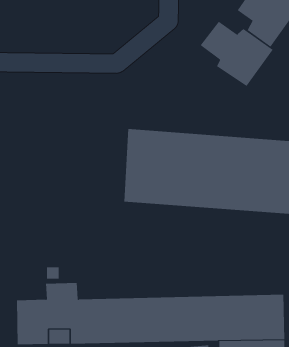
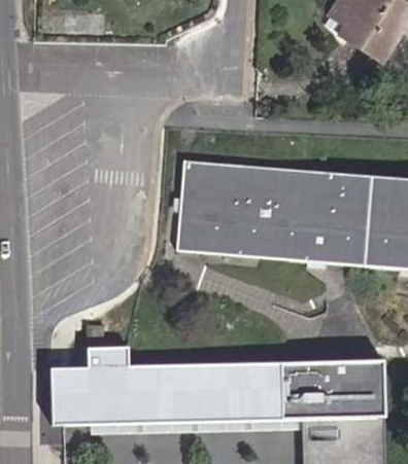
building: [200,21,273,87] -> none

